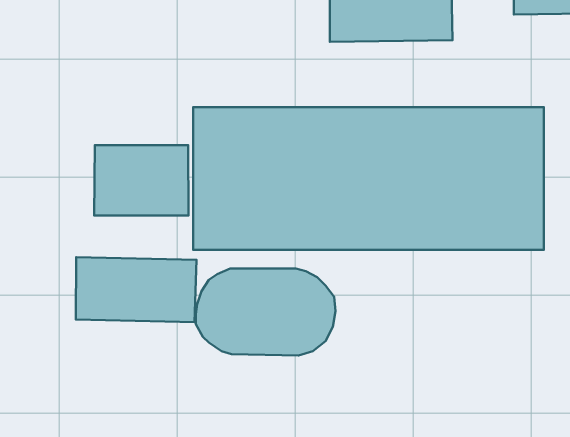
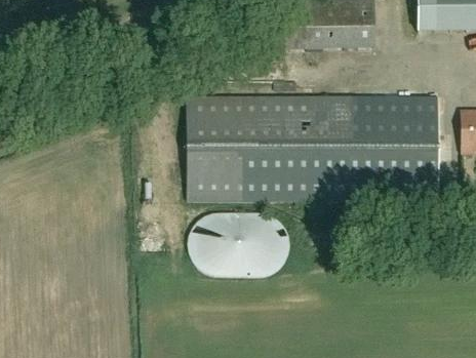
building: [94,145,189,215] -> none
building: [76,257,196,322] -> none

